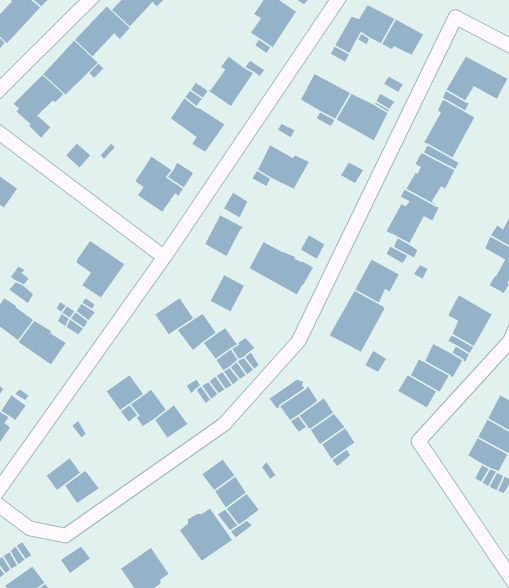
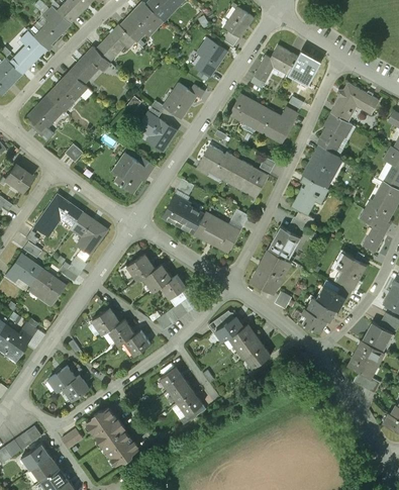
building: none -> [224,160,267,196]
building: none -> [35,198,81,235]
building: [209,274,245,313] -> [178,206,203,233]
building: [179,507,233,562] -> [86,407,124,446]

